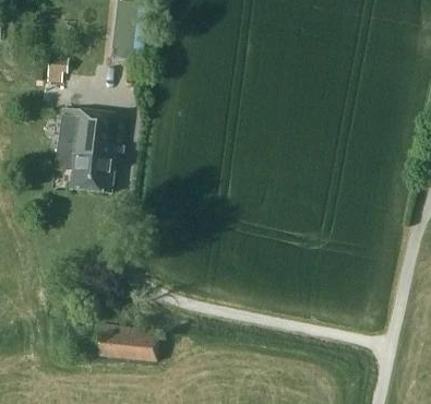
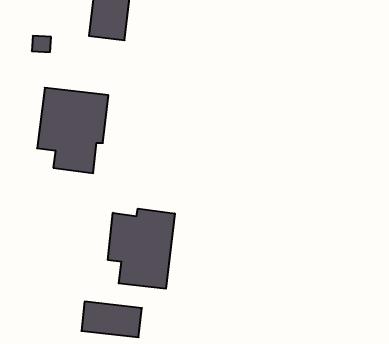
building: none -> [108,209,175,289]

